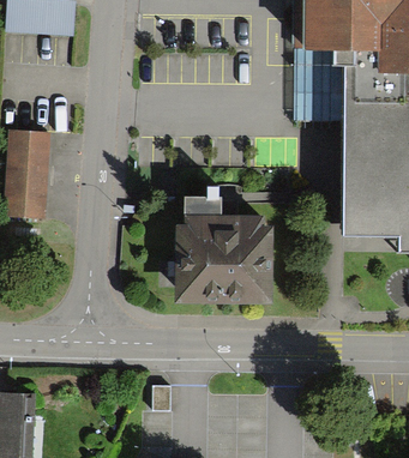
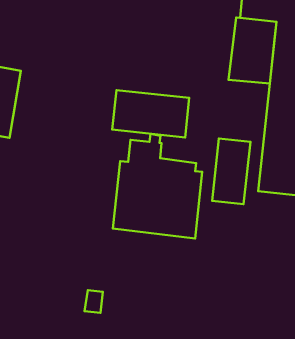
building: none -> [112,90,189,137]
building: none -> [212,139,250,204]

